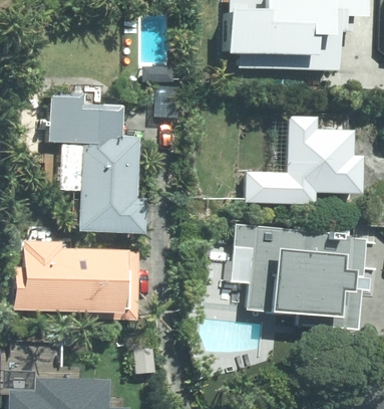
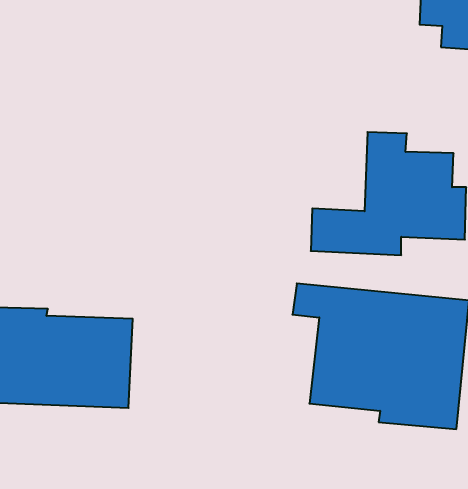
building: [232,29,305,72] -> none
building: [50,90,140,233] -> none

